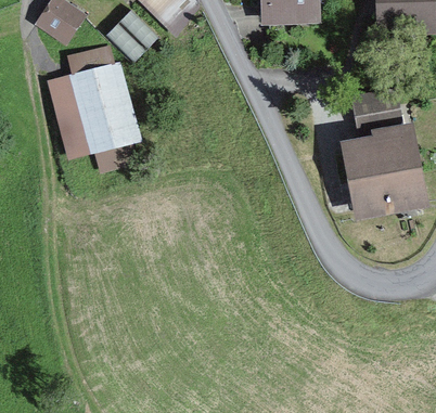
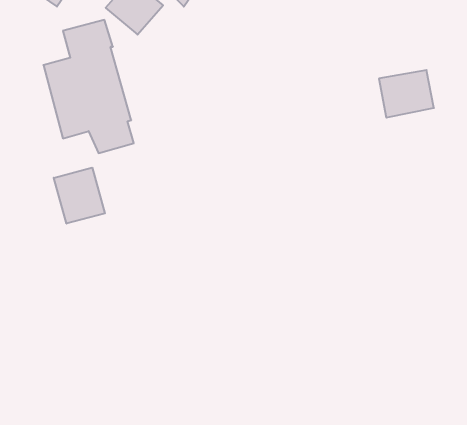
building: [352,135,410,206] -> none
building: none -> [54,168,105,224]

